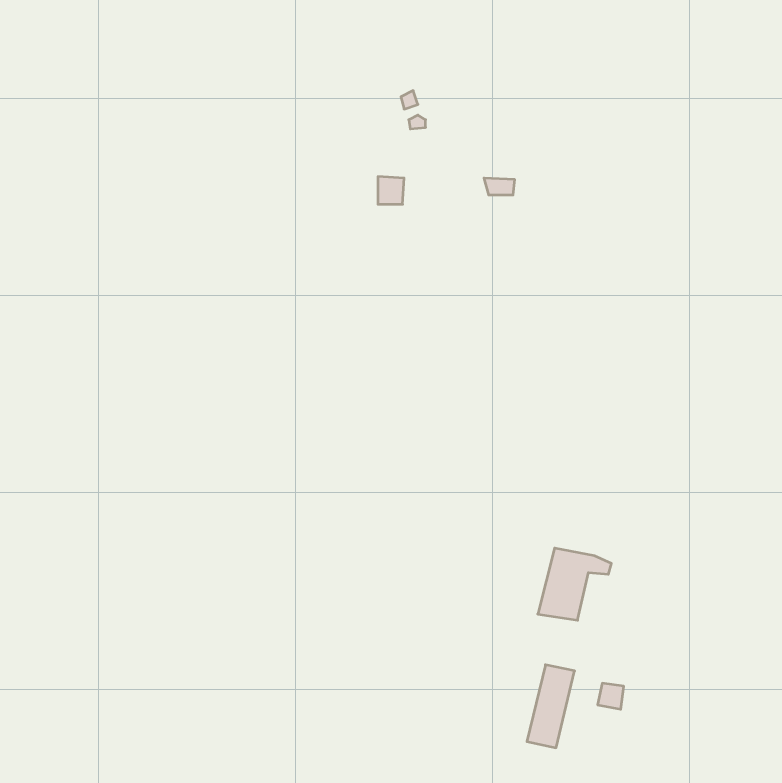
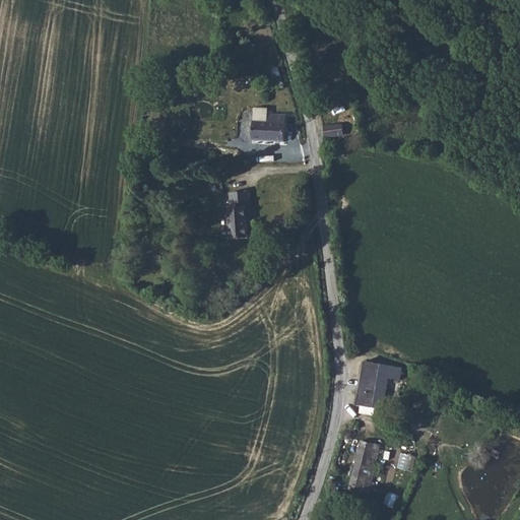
building: none -> [266,110,283,136]
building: none -> [224,190,247,238]

